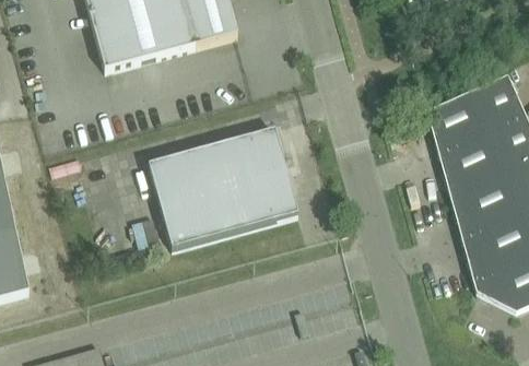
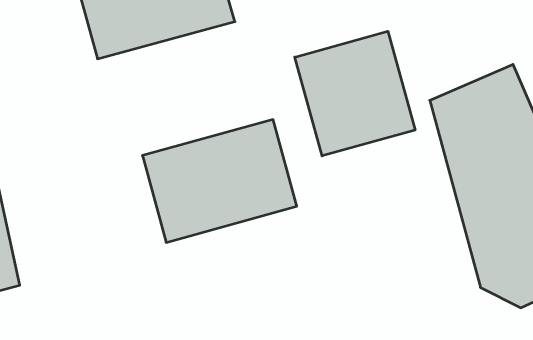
building: none -> [295,31,415,156]

